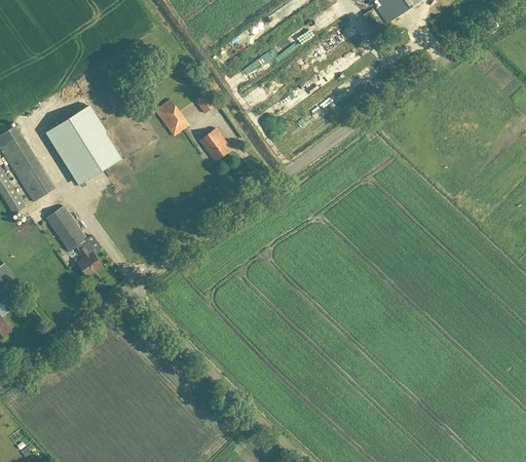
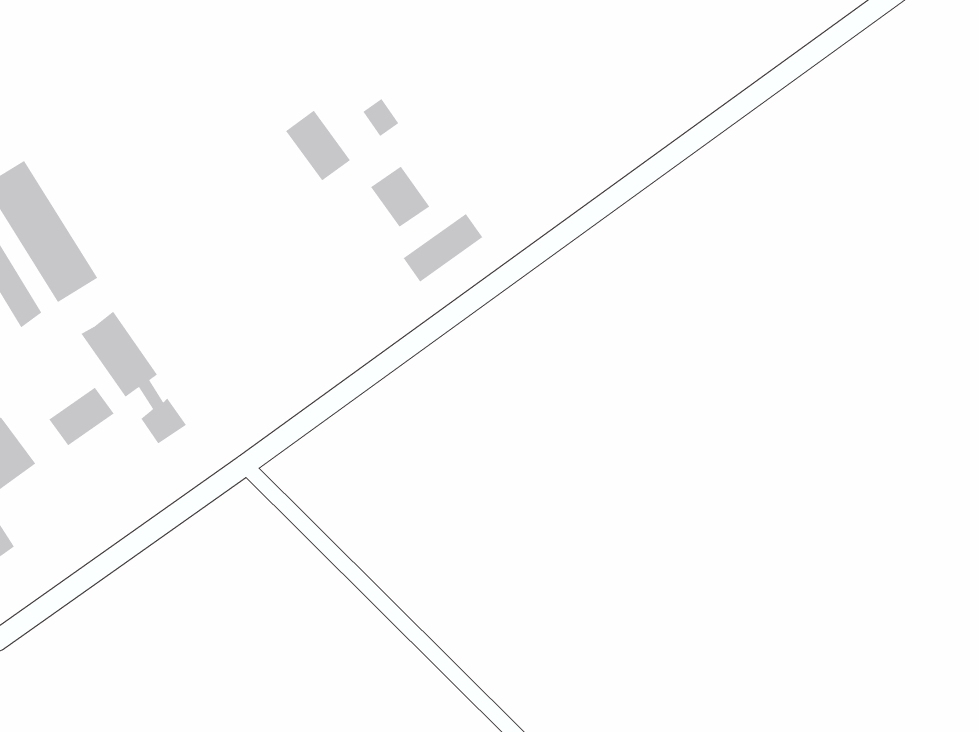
building: [52,105,120,180] -> none
building: none -> [403,213,483,282]
building: none -> [49,387,114,446]

